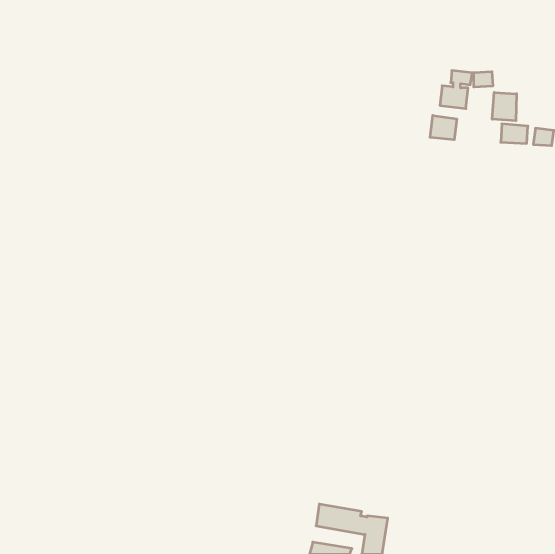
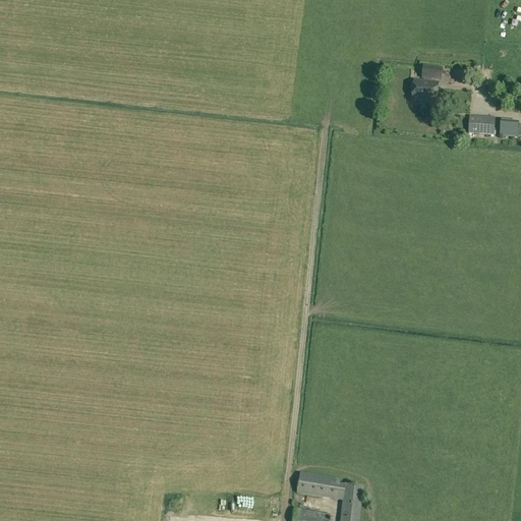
building: [492,92,517,121] -> none
building: [430,115,457,140] -> none

